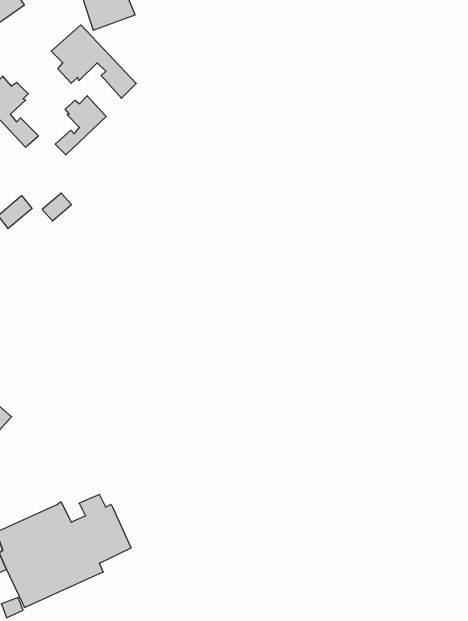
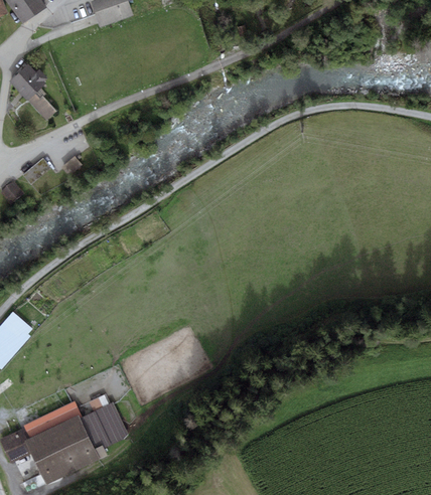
building: [51,25,136,98] -> none
building: [55,96,106,155] -> none

